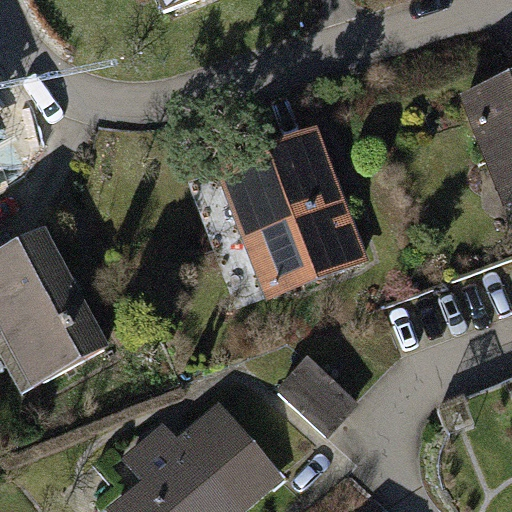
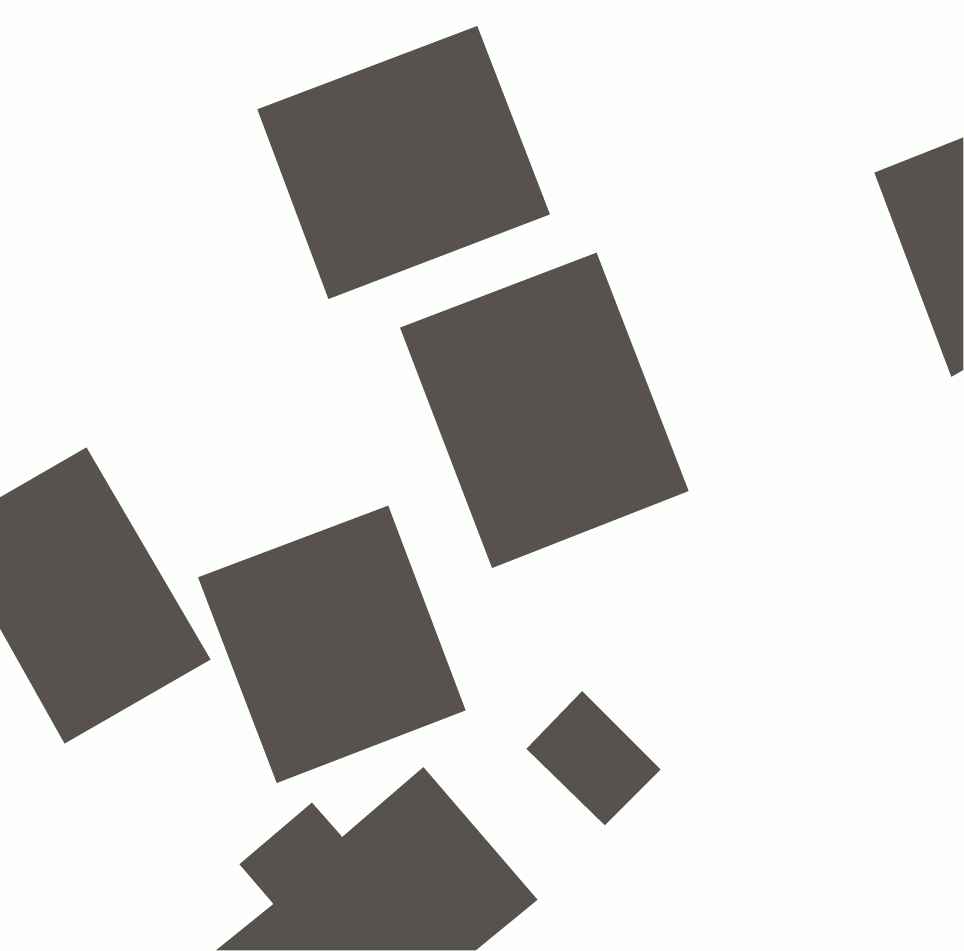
building: none -> [256,25,551,300]
building: none -> [197,504,467,784]

